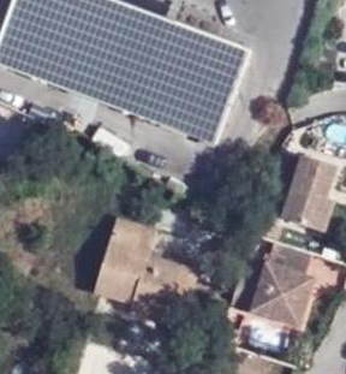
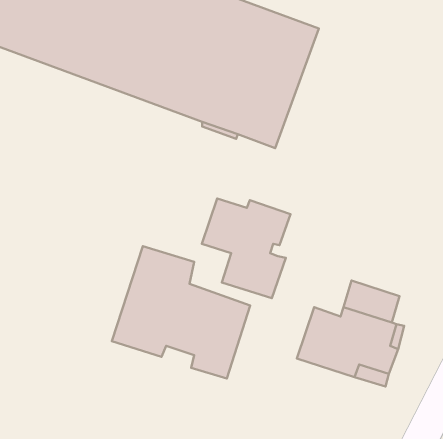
building: [269,156,338,233] -> [202,199,290,298]

